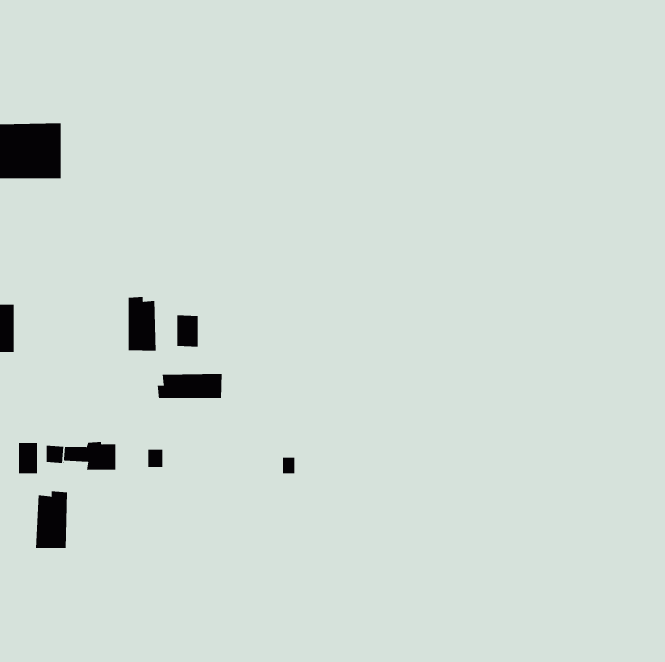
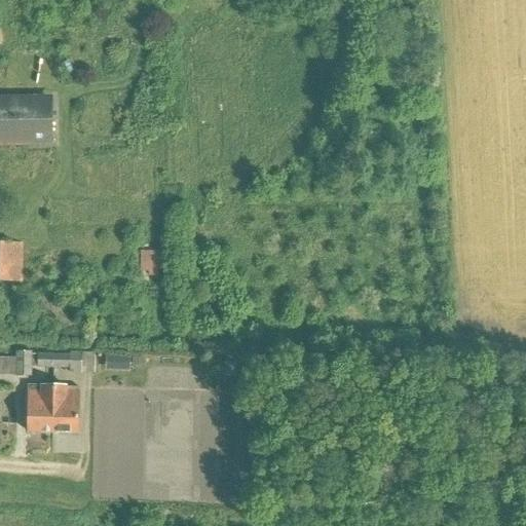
building: [128,296,156,351] -> none
building: [157,373,222,399] -> none
building: none -> [52,387,79,433]

